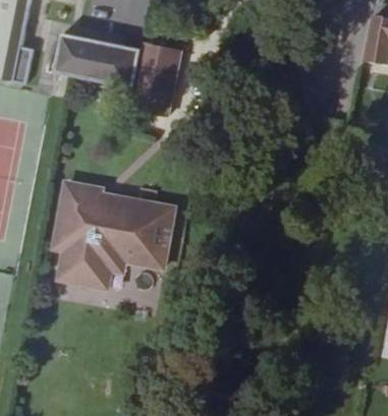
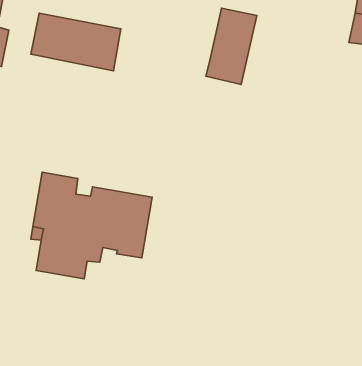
building: [130,43,180,117] -> [206,8,257,85]

